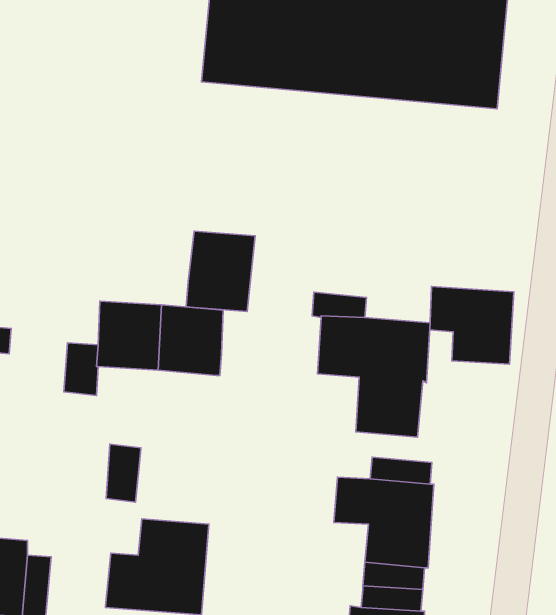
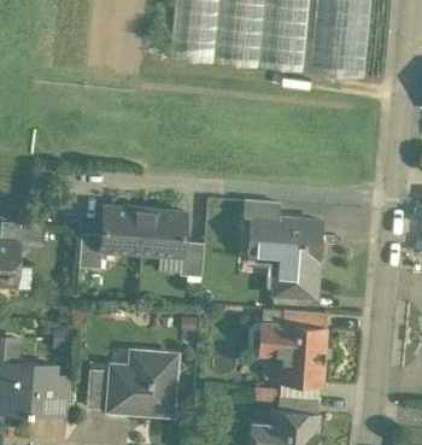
building: [186,231,255,311] -> none
building: [430,286,514,364] -> none
building: none -> [178,241,203,276]
building: [106,444,141,502] -> [87,370,110,409]

